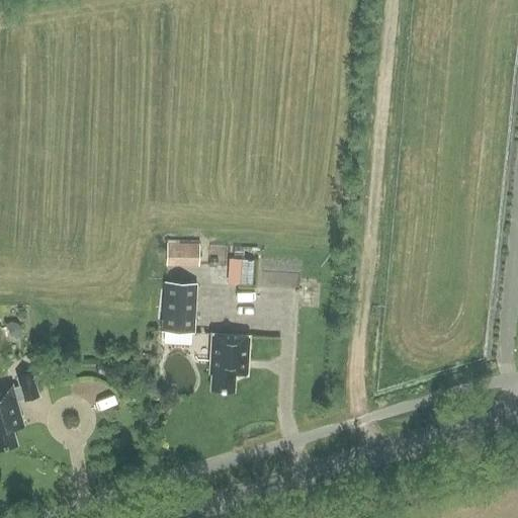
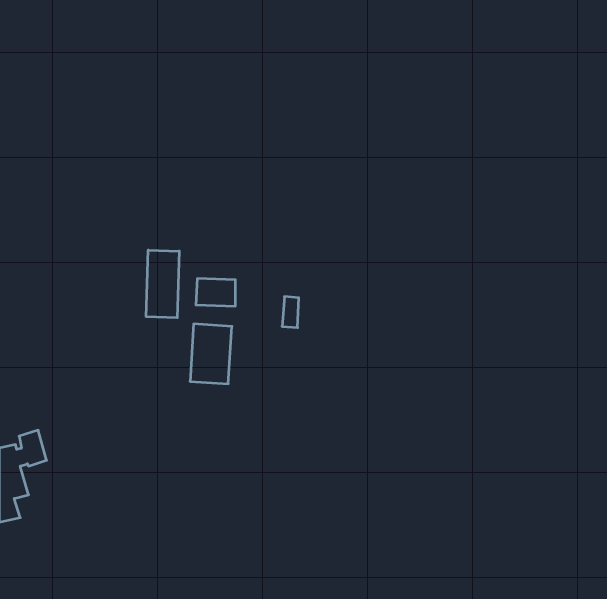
building: none -> [146,250,179,318]
building: [208,332,250,392] -> none

